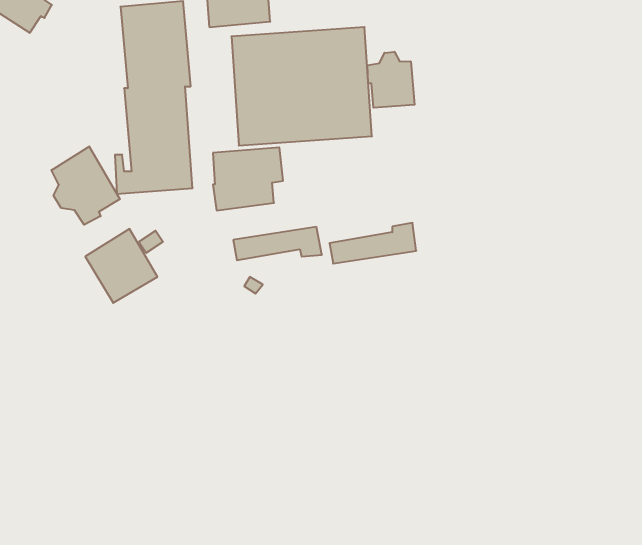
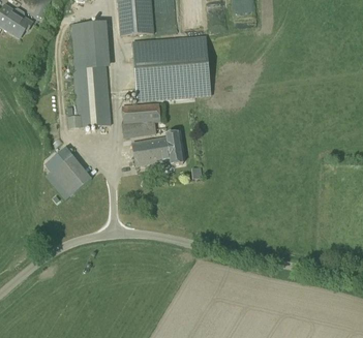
building: [368,52,415,108] -> none
building: [51,146,120,225] -> none
building: [329,223,416,264] -> [131,131,180,154]

